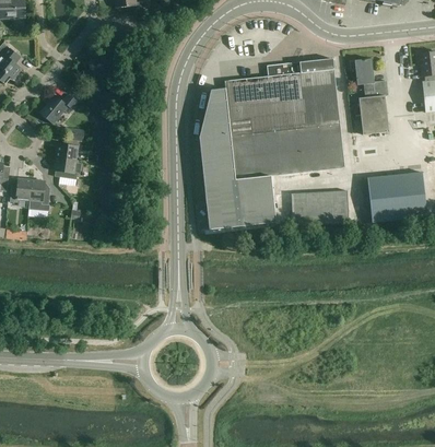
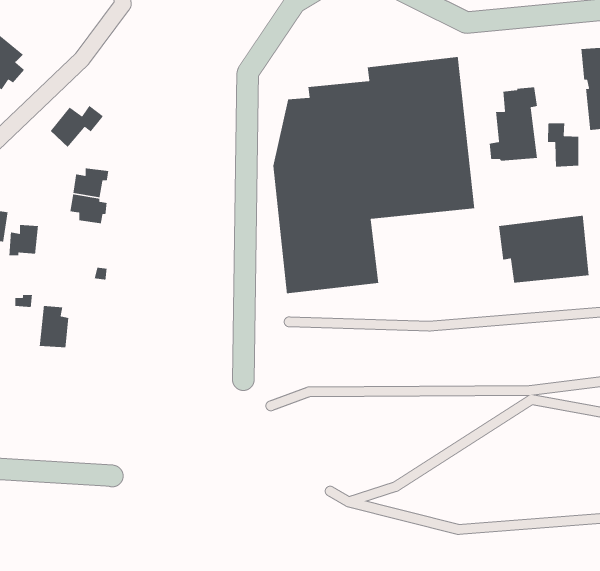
building: [352,58,374,84] -> none
building: none -> [547,123,579,167]
building: [28,179,50,210] -> [39,305,69,348]
building: [291,190,348,225] -> none

